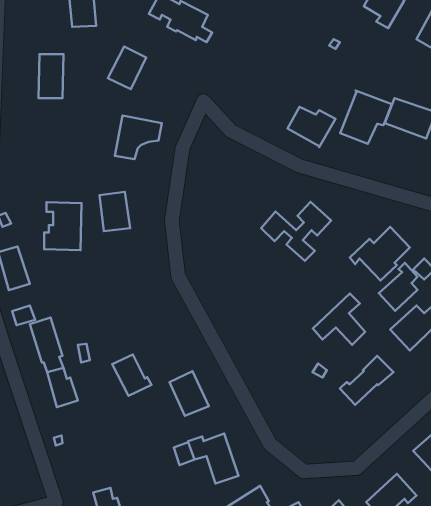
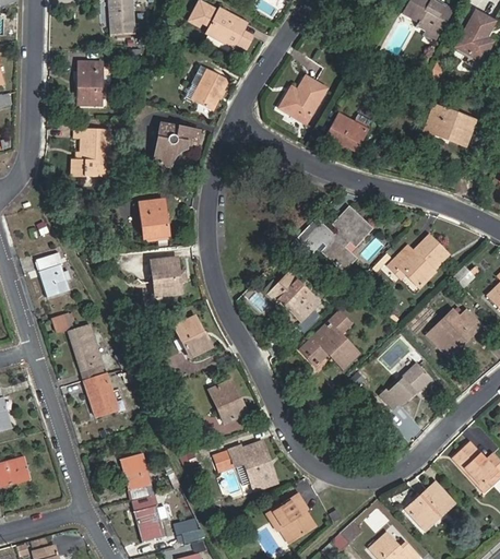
building: [108,47,146,89] -> [191,68,229,110]
building: none -> [279,75,326,123]
building: [340,91,392,144] -> none
building: [44,202,81,250] -> [71,128,108,176]
building: none -> [151,257,183,294]
building: [379,263,418,311] -> none
building: none -> [273,272,318,319]
building: [313,294,365,345] -> [302,313,355,365]
building: [112,354,151,396] -> [174,316,213,357]
building: none -> [121,452,152,499]

